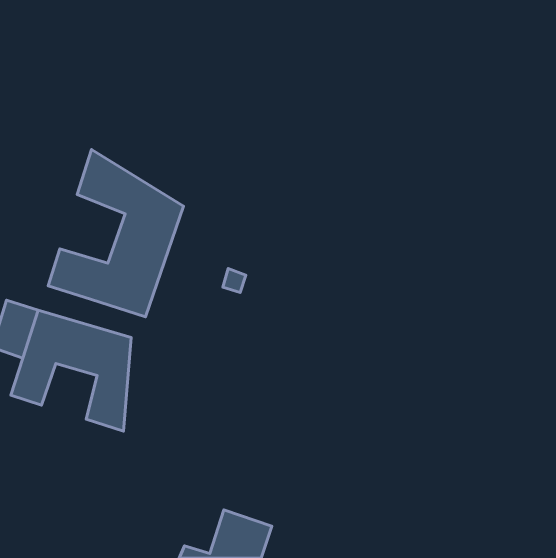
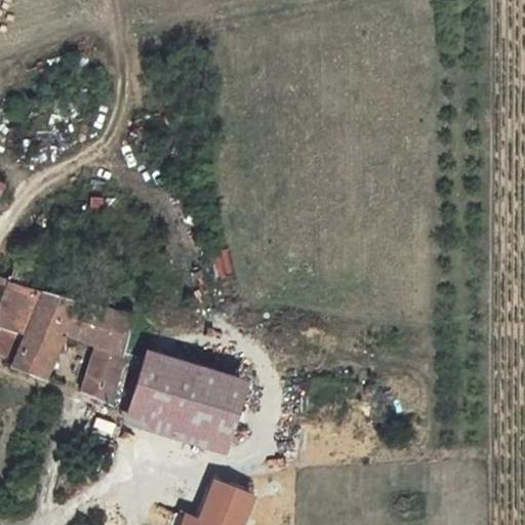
building: [48,150,184,317] -> none
building: none -> [130,363,246,439]

